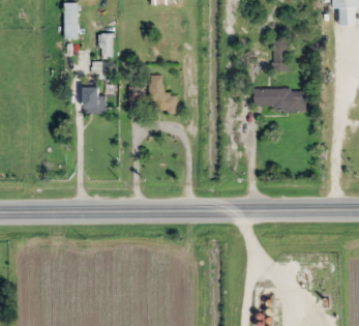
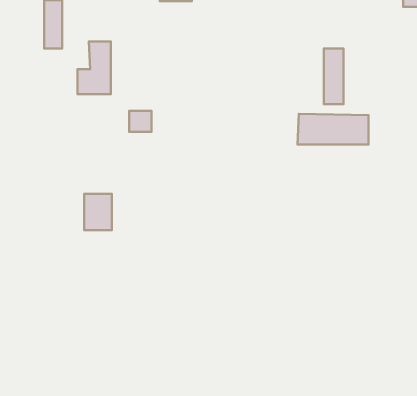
building: [150,76,177,113] -> none
building: [83,87,103,114] -> [84,194,112,230]

